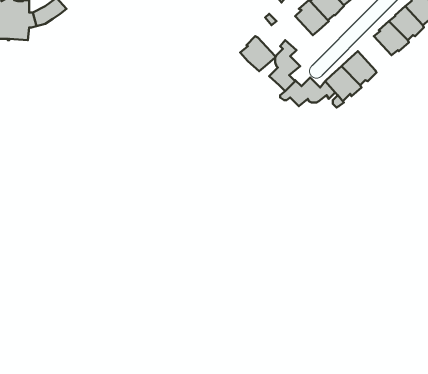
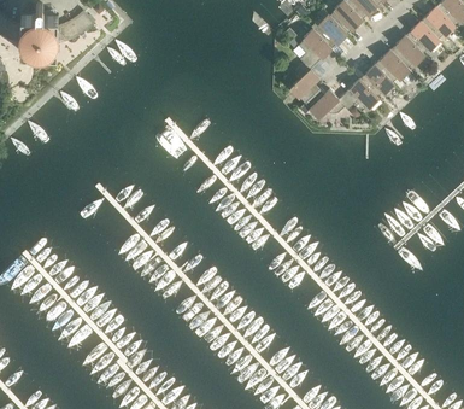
building: [240,36,275,71] -> [299,28,333,62]
building: none -> [376,48,410,81]

